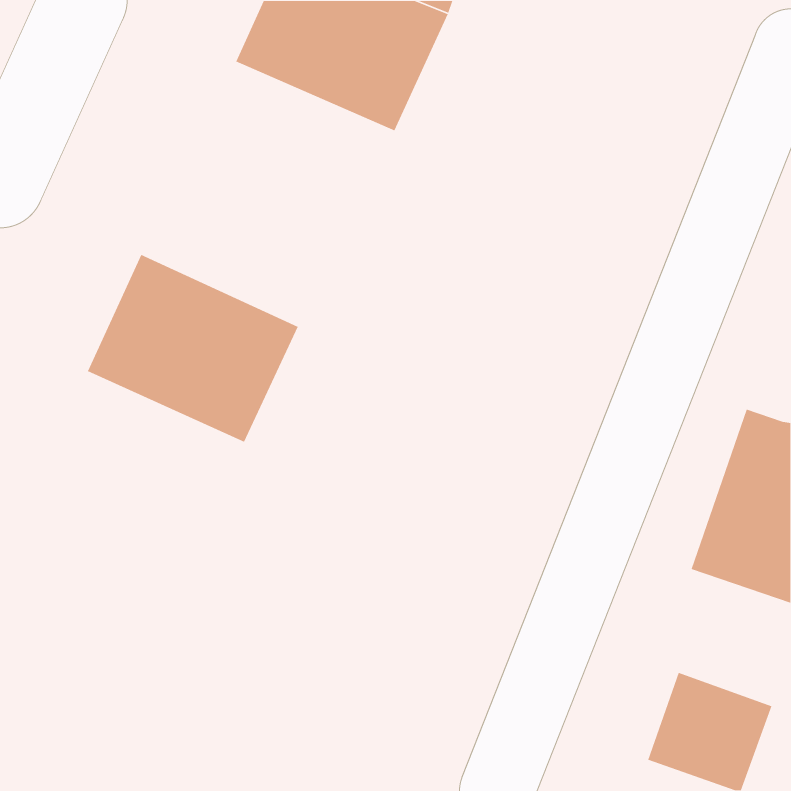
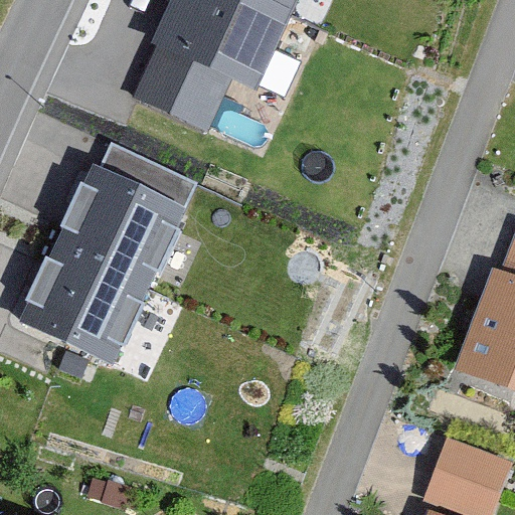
building: none -> [134,46,231,127]
building: none -> [21,241,159,364]

